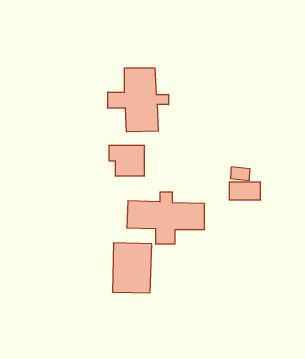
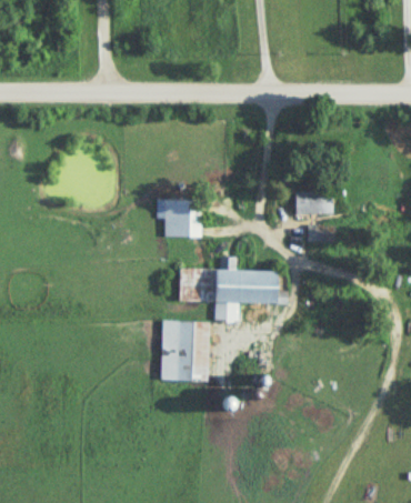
building: [108,68,169,132] -> none
building: [229,182,261,200] -> [293,192,332,214]

